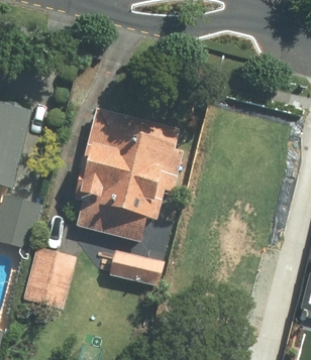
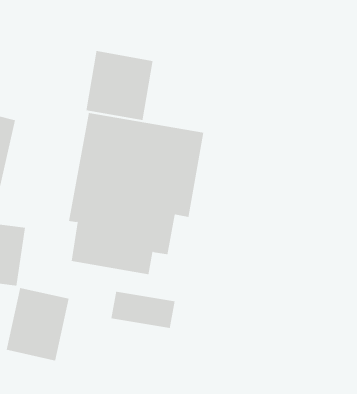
building: none -> [86,50,153,121]

